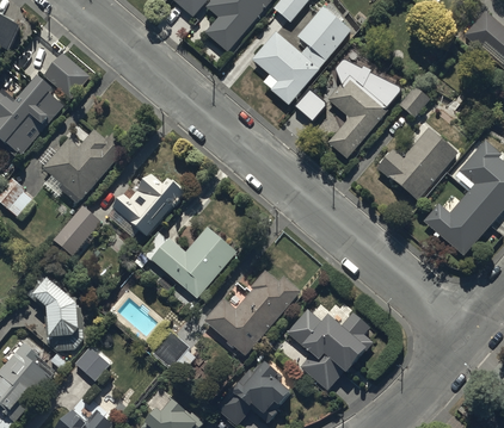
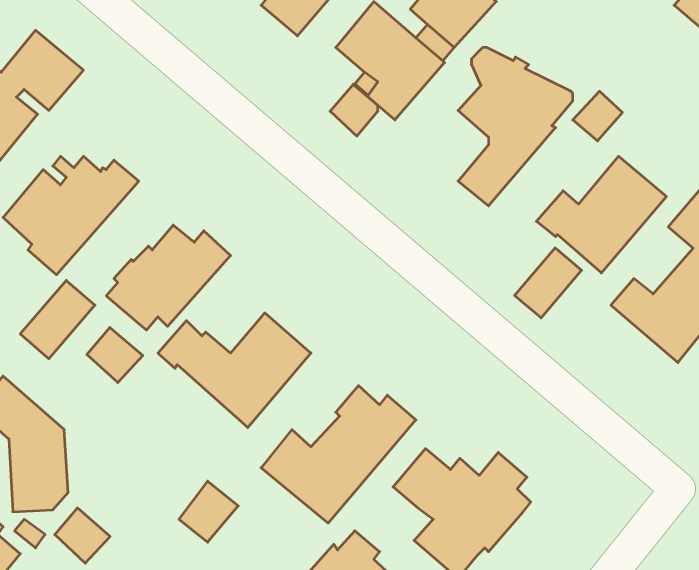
building: [295,89,325,122] -> [330,84,378,136]
building: none -> [515,248,582,318]
building: none -> [87,327,143,383]

